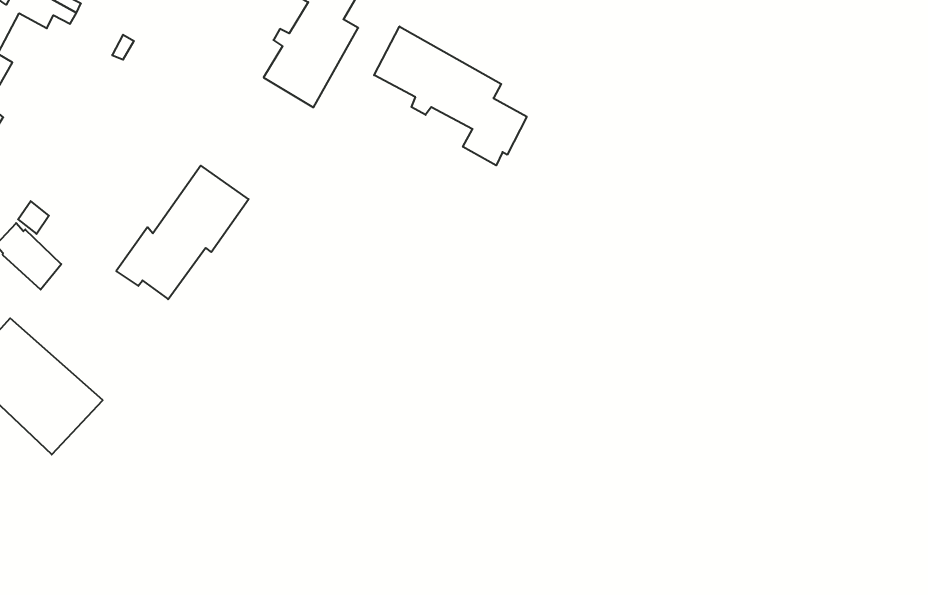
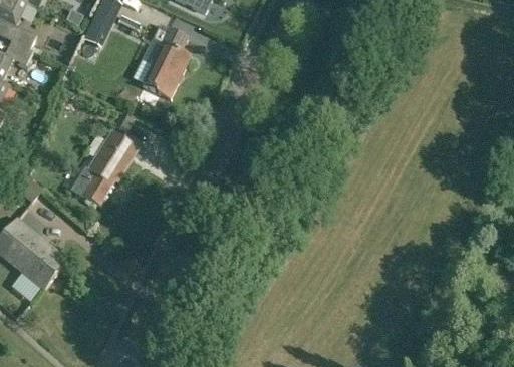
building: [374,26,527,165] -> none

